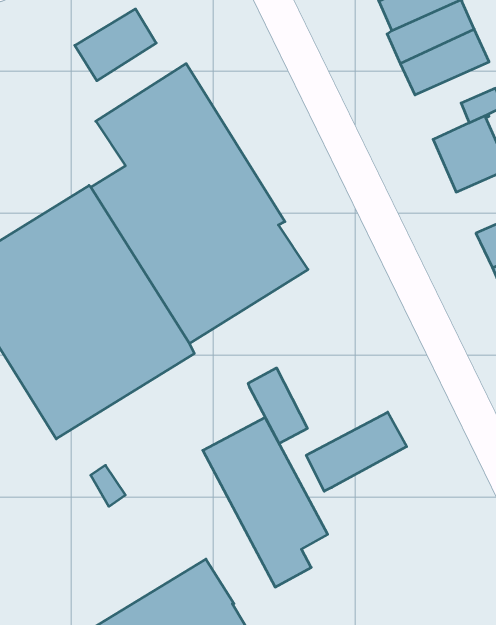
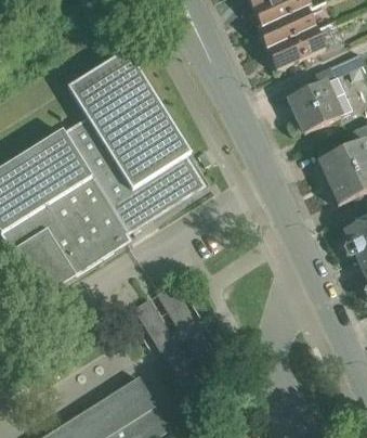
building: [75,9,156,81] -> none
building: [248,368,307,444] -> none
building: [306,412,407,491] -> none

